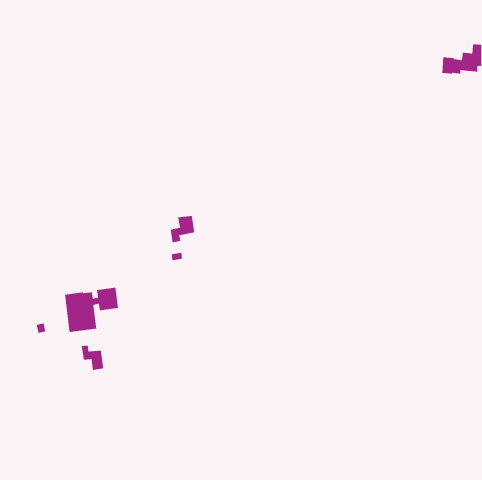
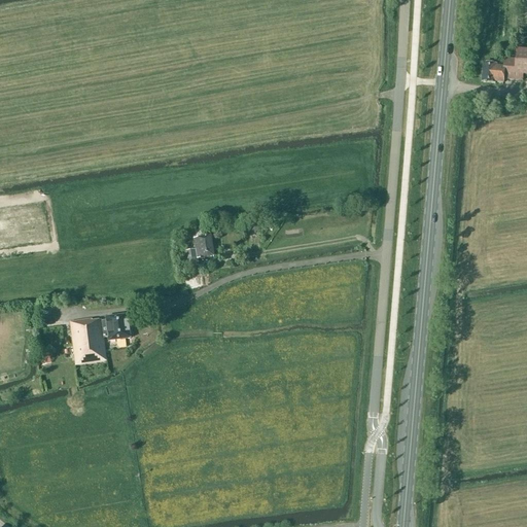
building: [81,345,104,371] -> none

